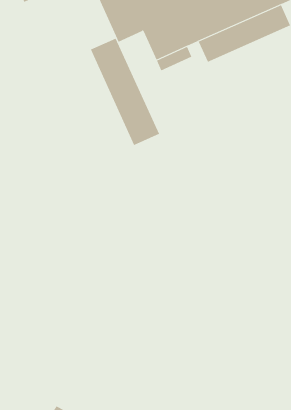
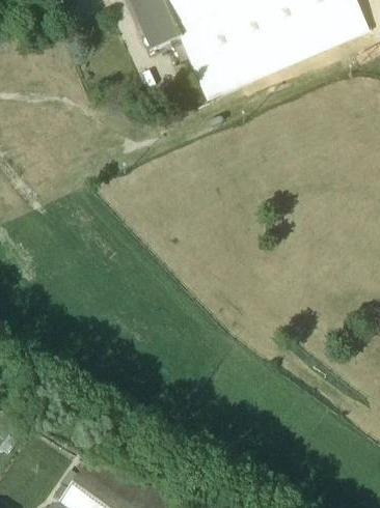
building: [90,38,160,146] -> none

